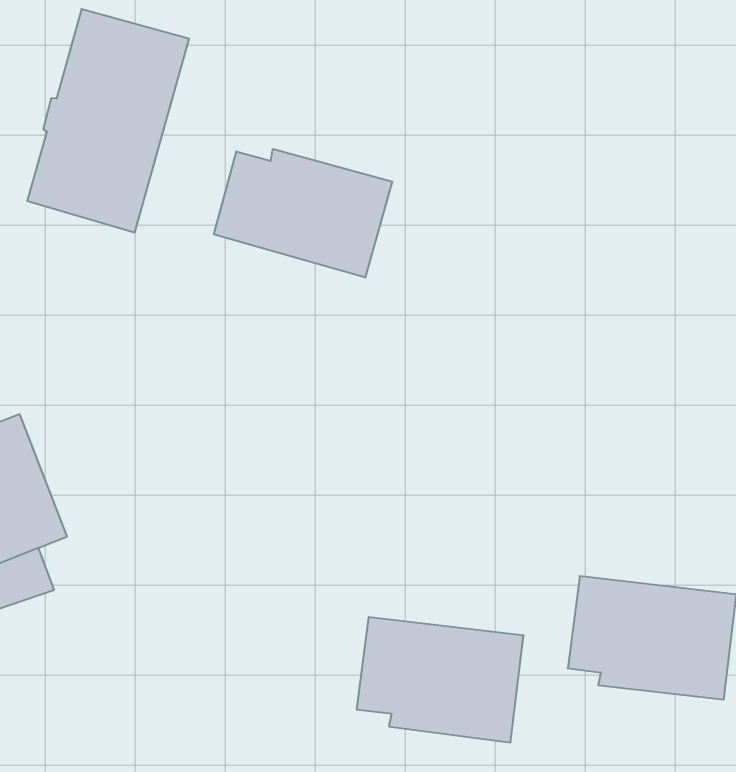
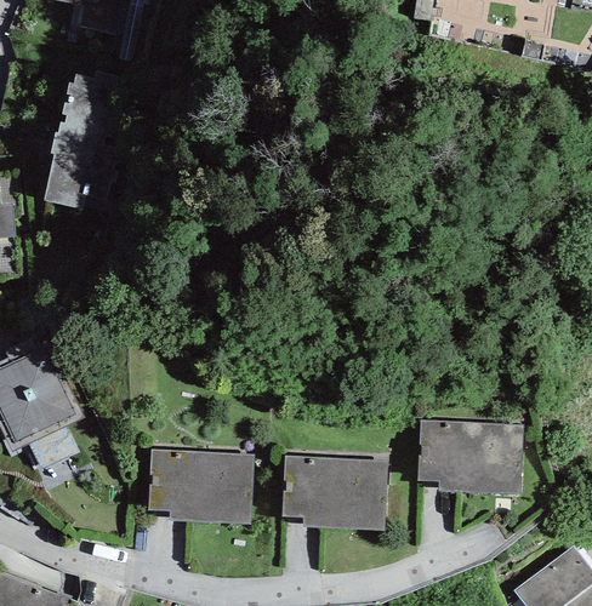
building: [214,149,392,278] -> none
building: none -> [148,450,252,522]

